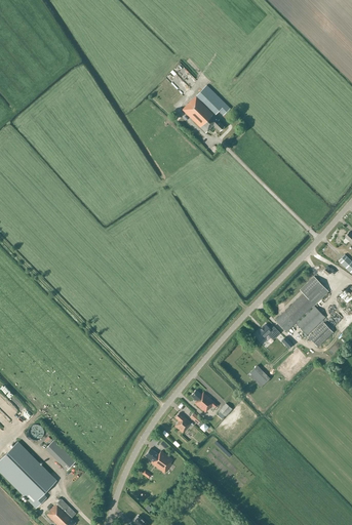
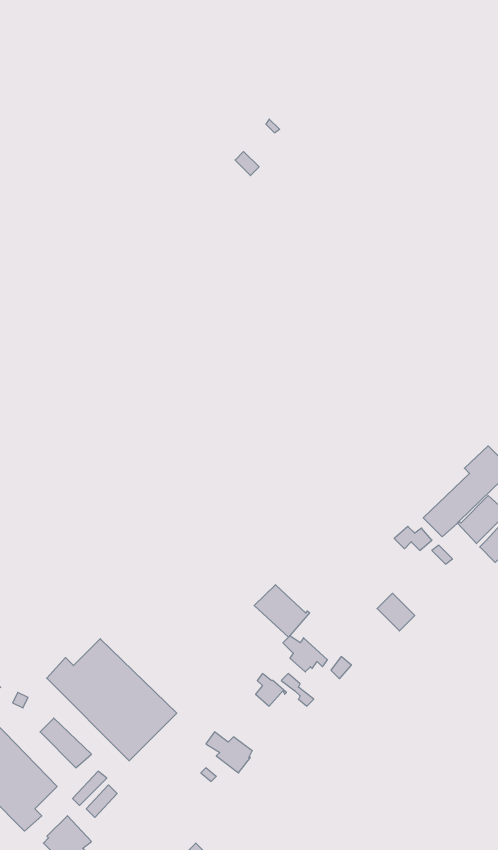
building: [183,85,230,133] -> none
building: none -> [254,585,310,637]
building: none -> [47,639,177,761]

